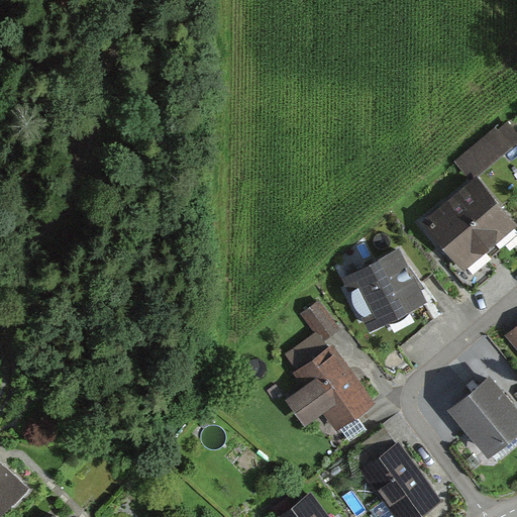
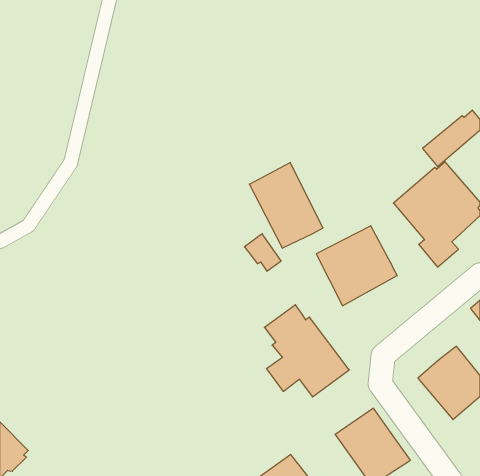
building: none -> [249,162,323,248]
building: [300,302,339,342] -> [244,234,281,271]

